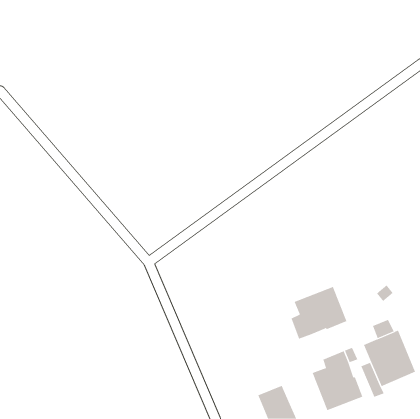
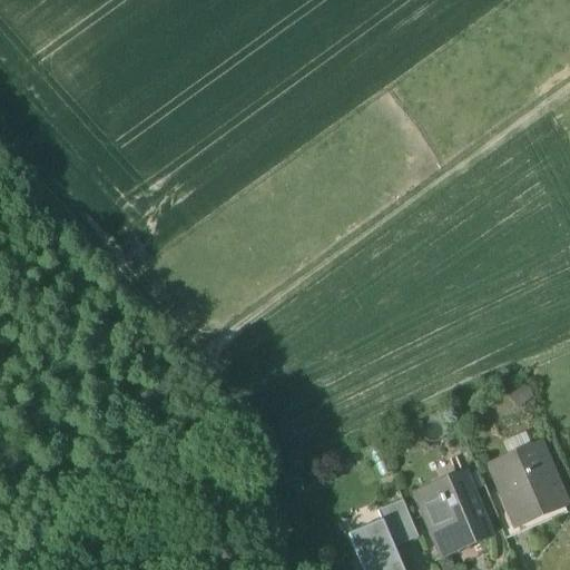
building: [291,286,347,340] -> none
building: none -> [380,499,420,546]

